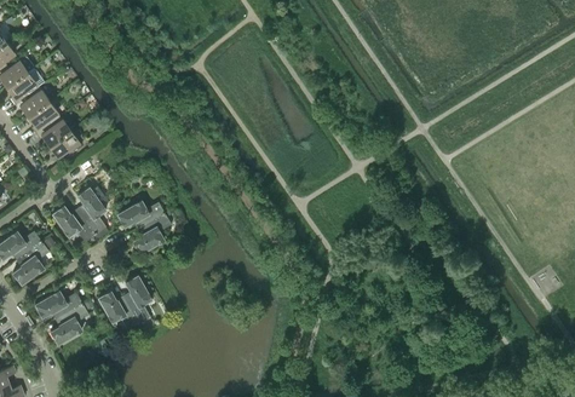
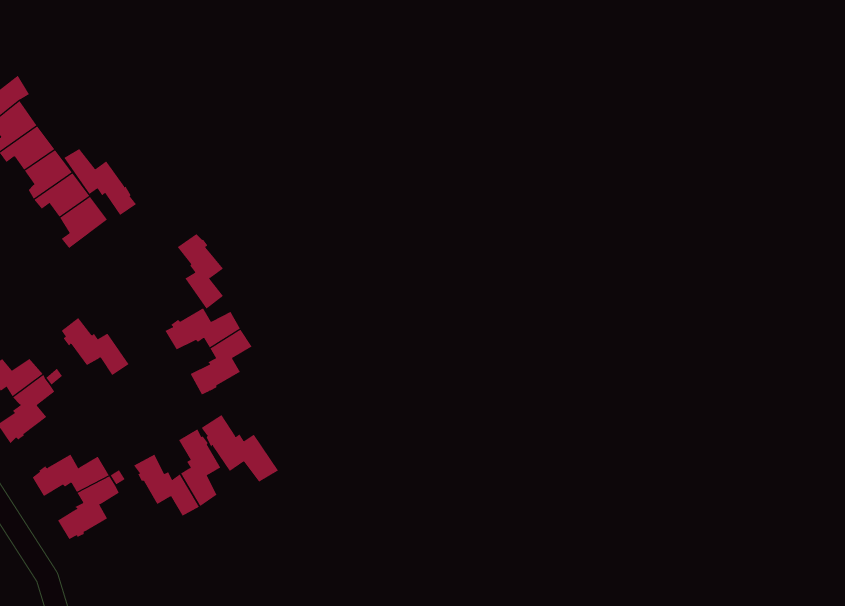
building: none -> [63,148,137,216]
building: [76,188,105,235] -> [177,233,224,310]
building: none -> [201,414,279,482]

